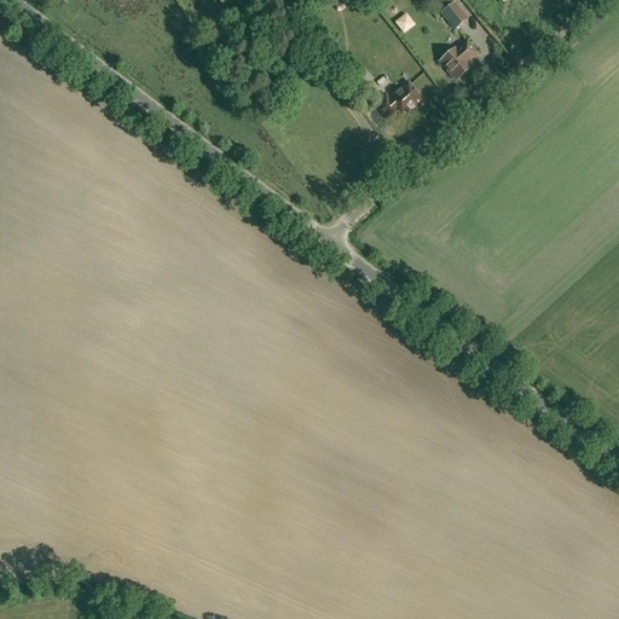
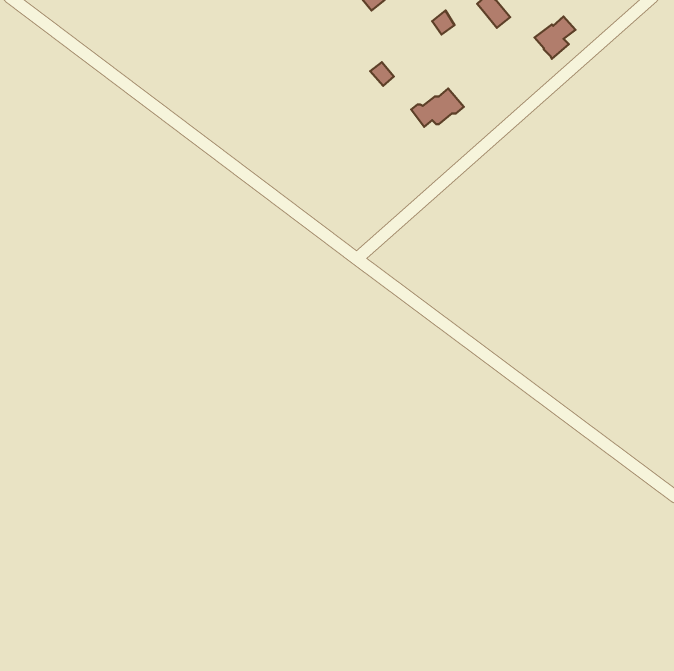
building: [441,39,479,77] -> [535,16,575,59]

